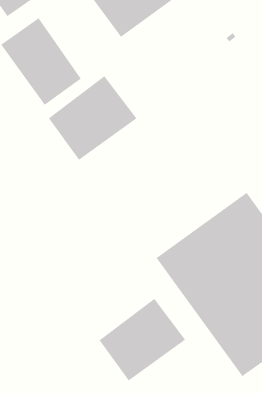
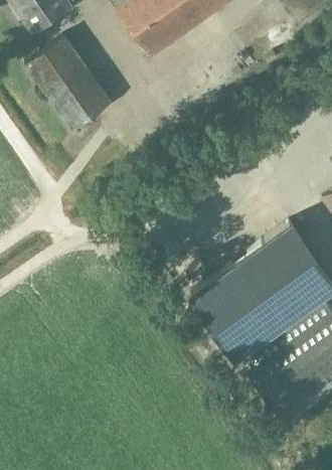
building: [48,75,137,161] -> none
building: [99,298,186,382] -> none

